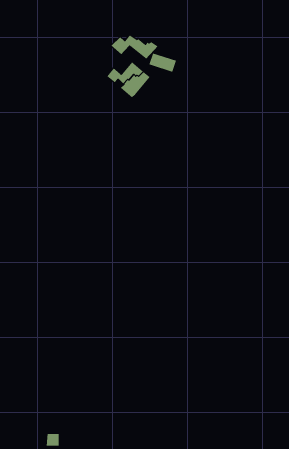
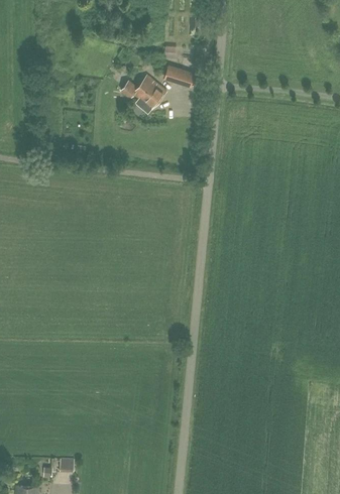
building: [111,34,159,59] -> none

